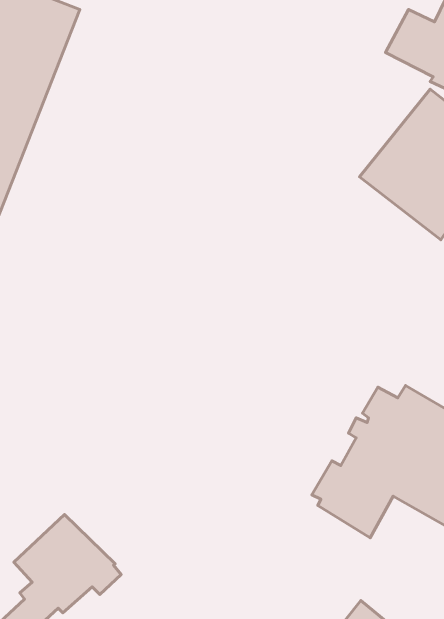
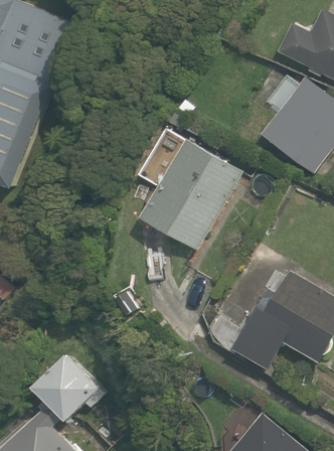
building: none -> [140,137,242,250]

